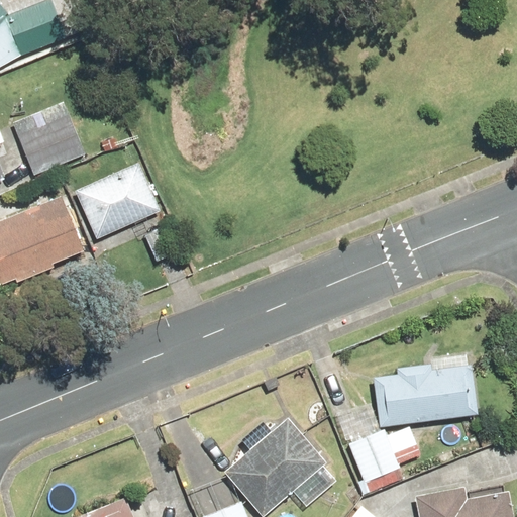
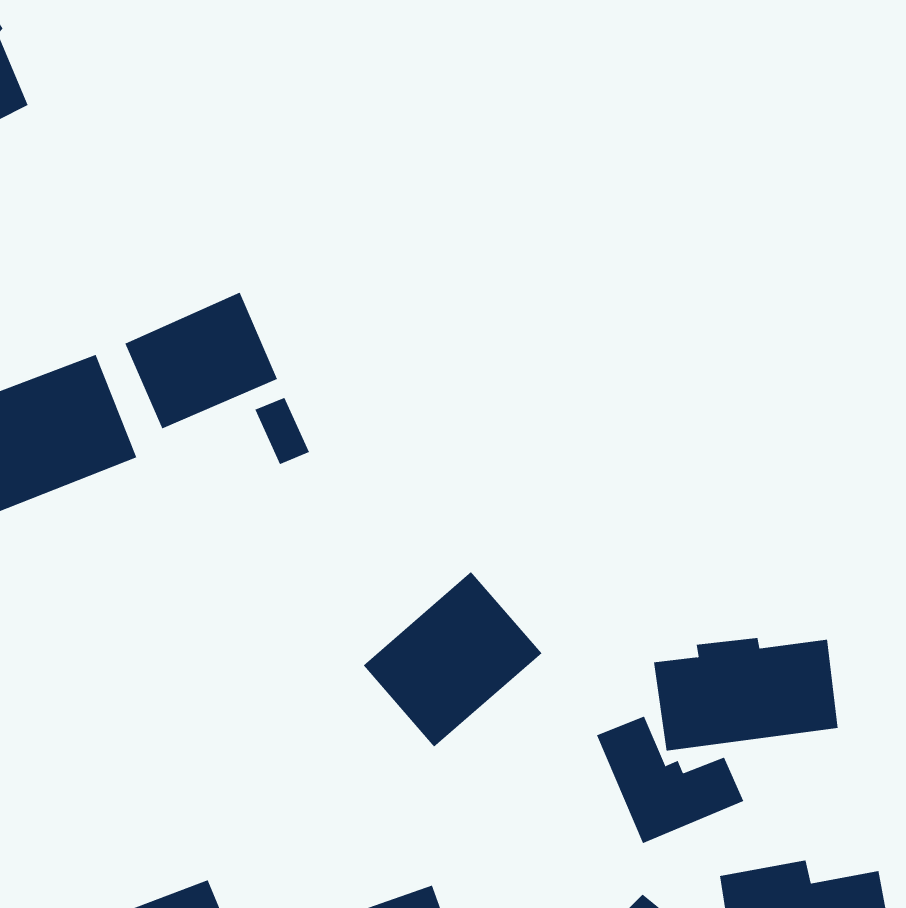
building: [10,5,66,57] -> none
building: [15,105,88,177] -> none
building: [224,411,326,511] -> [363,571,542,747]

